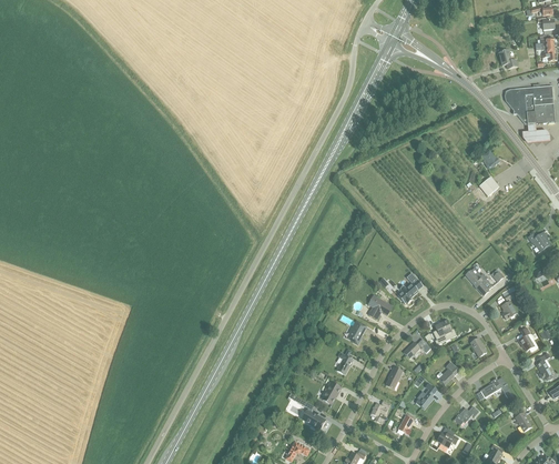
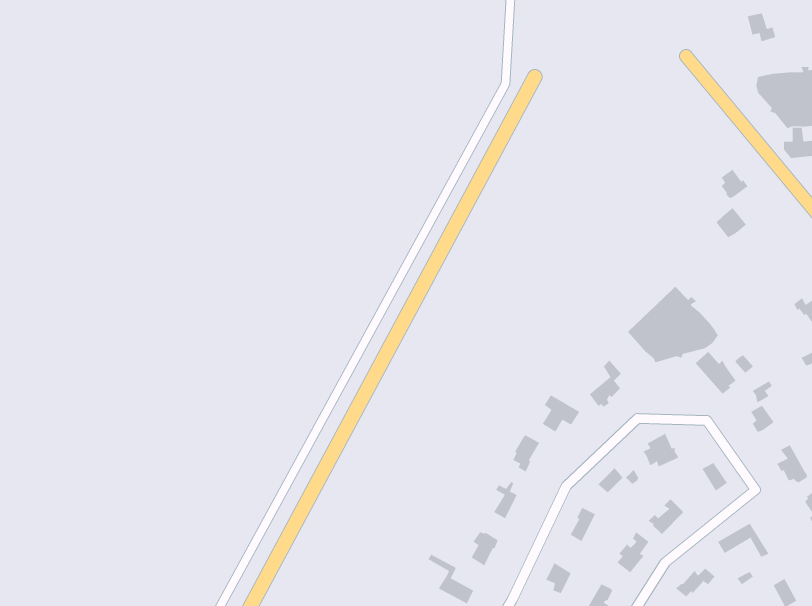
building: none -> [627,286,718,363]

